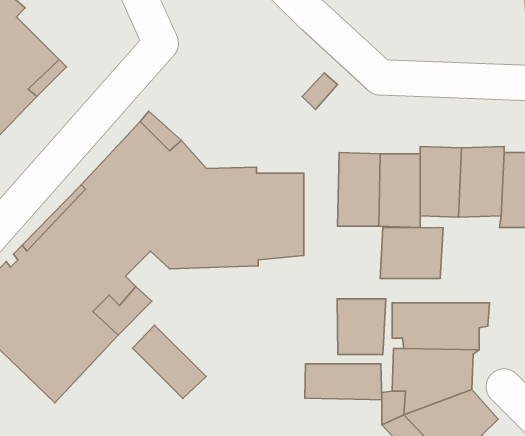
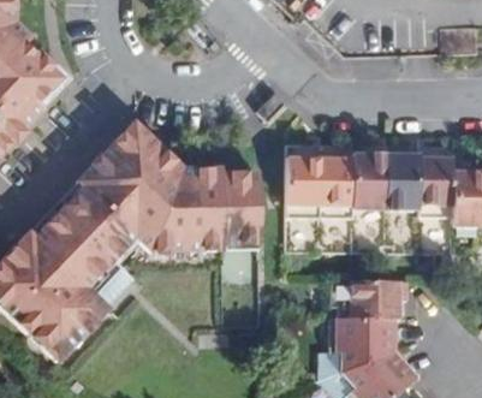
building: [380,227,443,278] -> none
building: [337,299,386,355] -> none
building: [132,325,206,399] -> none
building: [305,364,382,400] -> none

